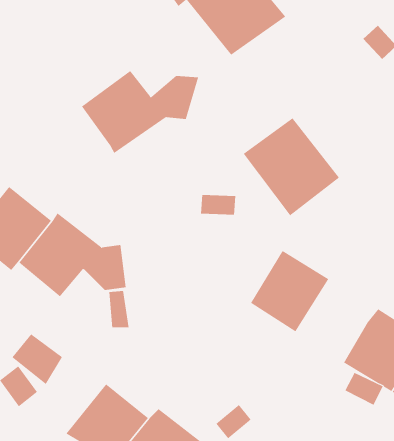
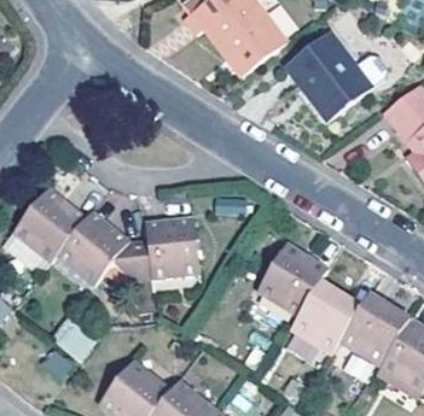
building: [81,70,199,154] -> none
building: [243,118,340,216] -> [286,34,371,119]
building: none -> [145,218,198,276]
building: none -> [290,282,359,353]

